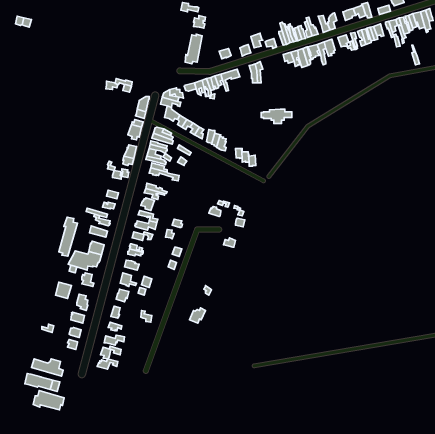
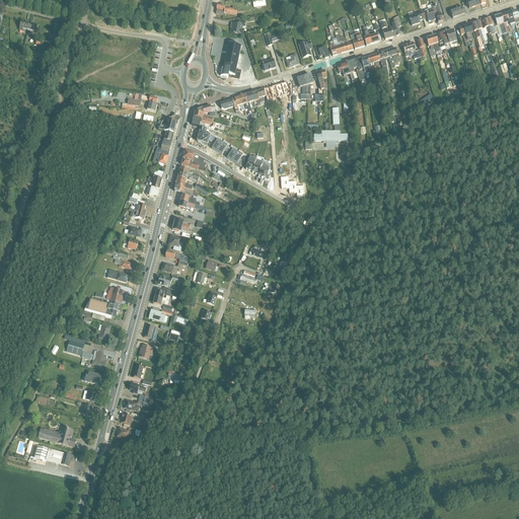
building: [59,217,77,256] -> none
building: [33,391,64,410] -> none

